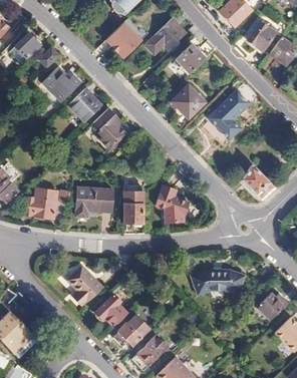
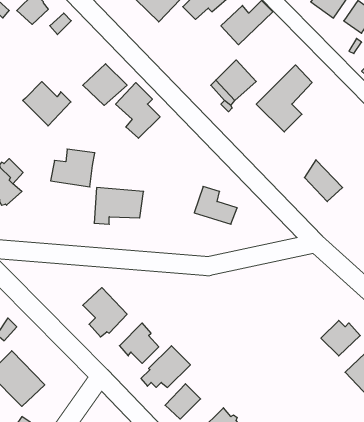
building: [44,62,82,97] -> [23,82,71,126]
building: [122,185,141,222] -> none
building: [23,187,58,218] -> [51,149,95,187]
building: [192,269,245,294] -> none

